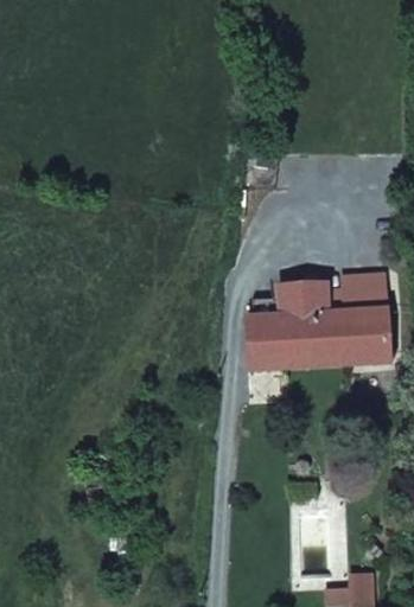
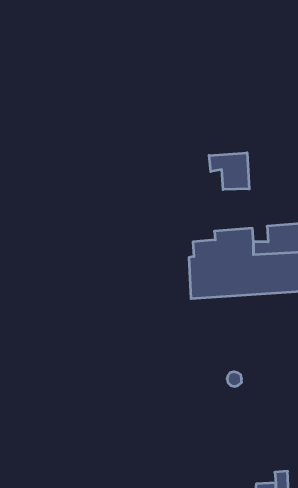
building: none -> [209,153,249,190]

